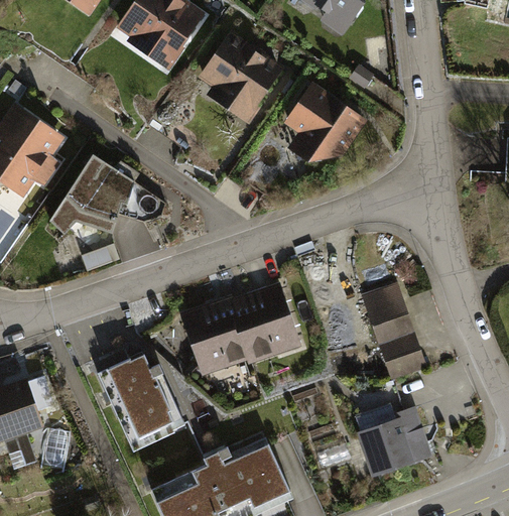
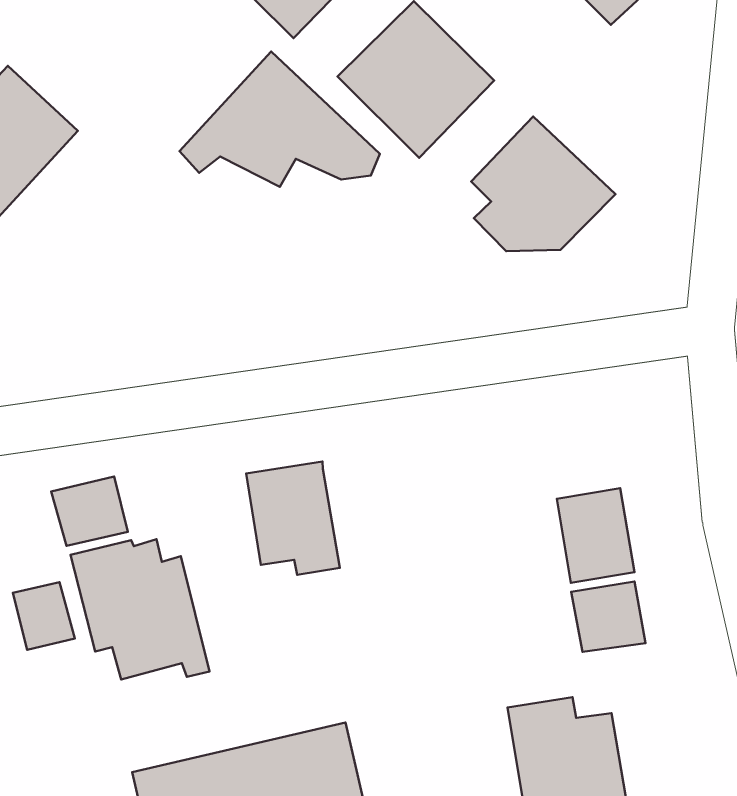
building: [51,157,163,232] -> [179,51,380,187]
building: [229,284,295,360] -> none
building: none -> [51,476,128,546]
building: none -> [13,582,75,650]

